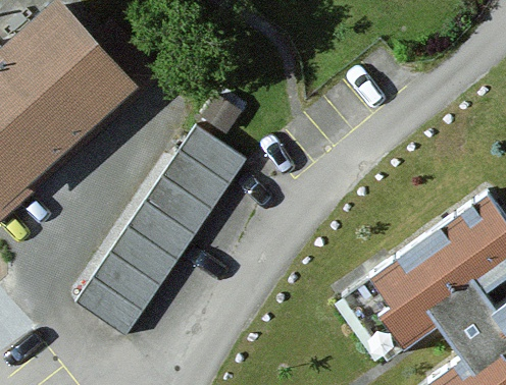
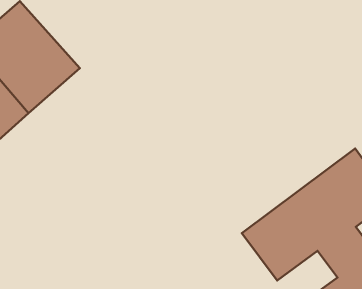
building: [75,120,249,334] -> none

